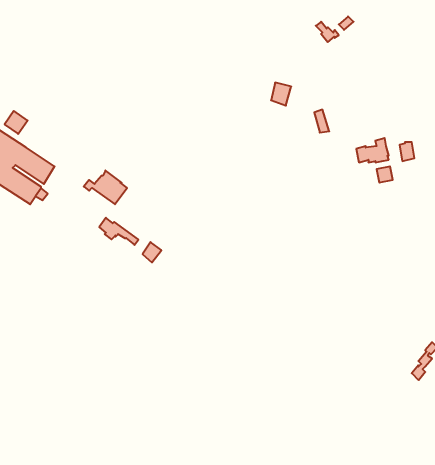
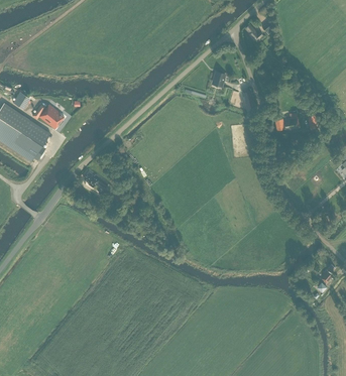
building: [84,170,127,204] -> [32,104,65,129]

